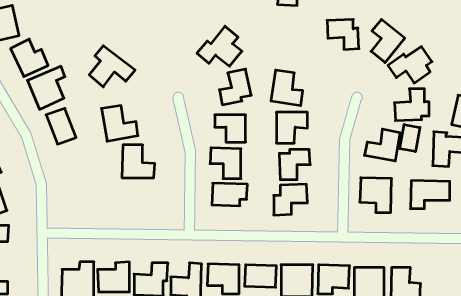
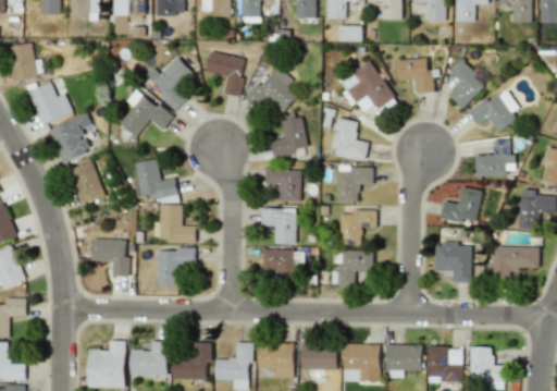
building: none -> [206,51,246,97]
building: none -> [144,57,193,110]
building: none -> [342,62,393,113]
building: [400,124,420,152] -> none
building: none -> [91,239,128,277]
building: none -> [157,247,195,286]

